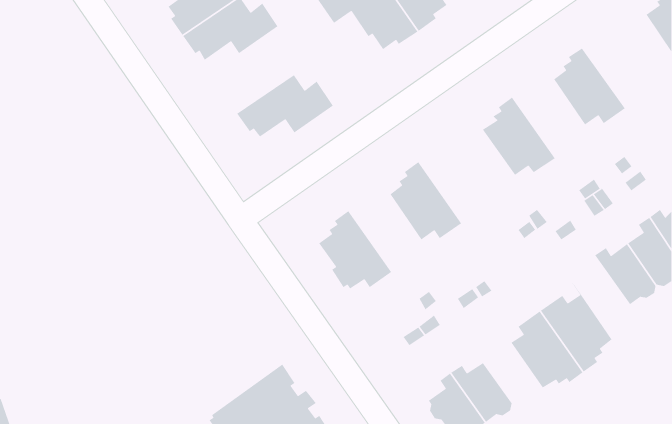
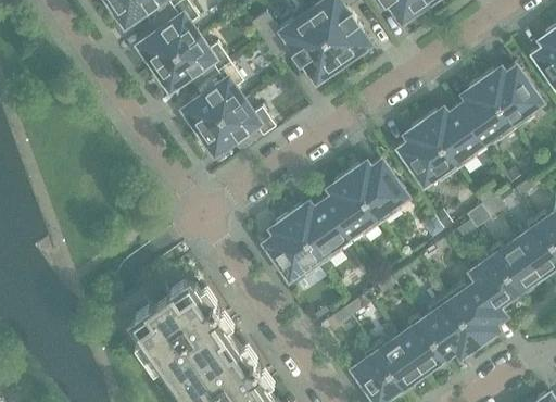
building: none -> [182,62,243,134]
building: none -> [479,64,540,129]
building: none -> [421,105,481,171]
building: none -> [344,159,405,224]
building: none -> [287,200,346,264]
building: none -> [471,250,518,319]
building: none -> [131,282,232,381]
building: none -> [397,316,446,373]

